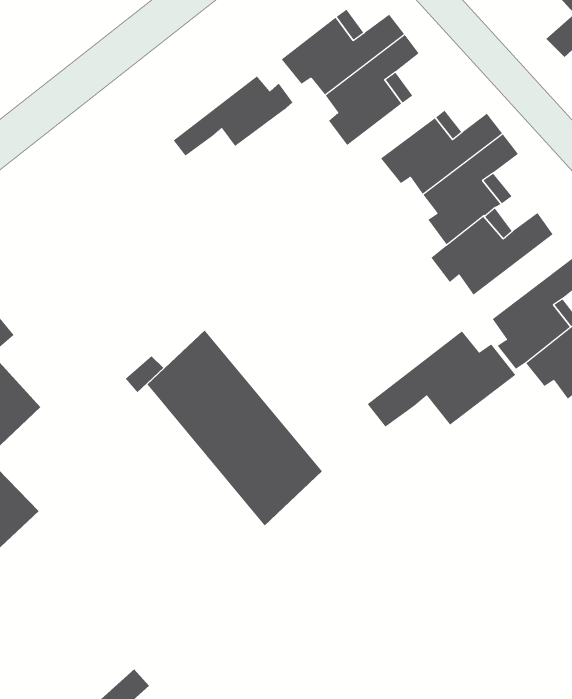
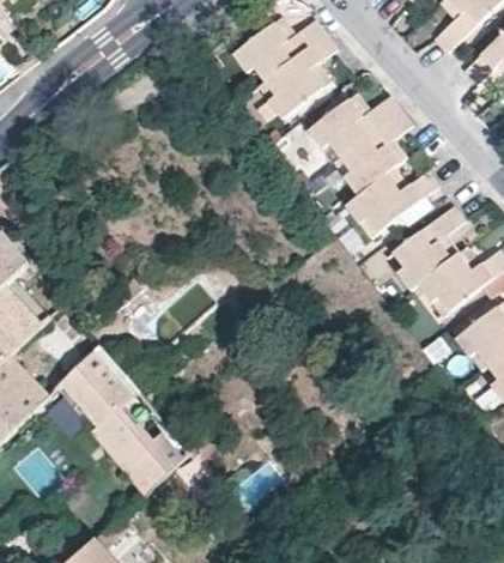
building: [173,76,293,156] -> none
building: [146,330,323,526] -> [55,345,189,495]
building: [367,331,516,428] -> none

